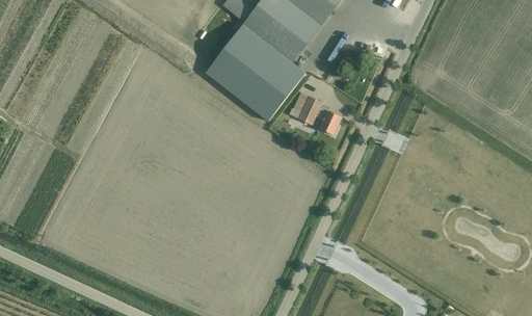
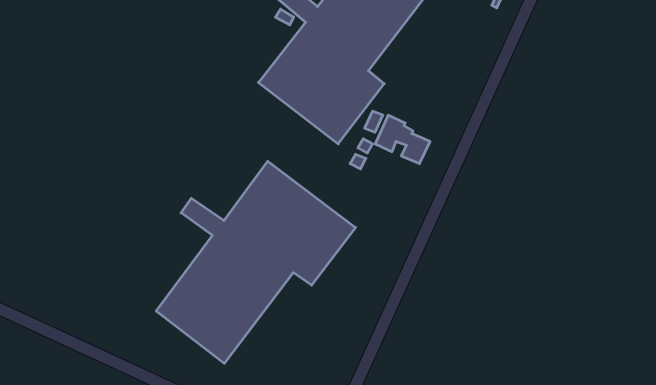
building: none -> [156,161,356,363]

